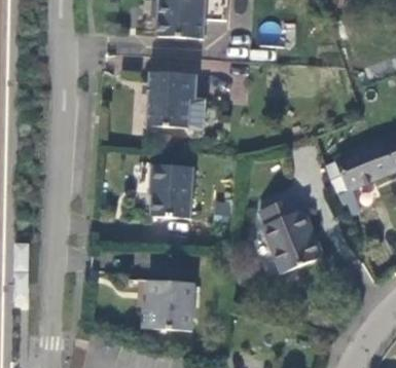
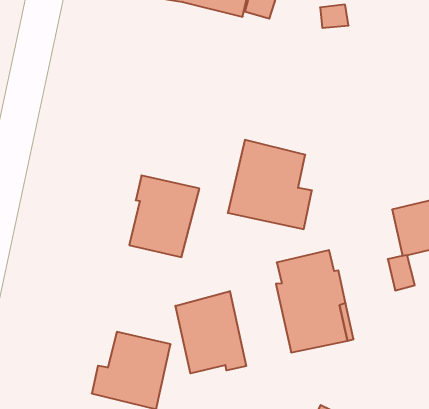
building: [147,71,205,127] -> [228,140,312,229]
building: none -> [175,291,246,373]

